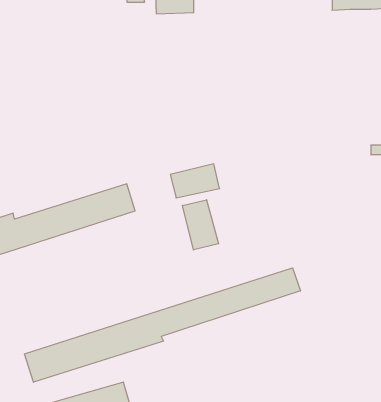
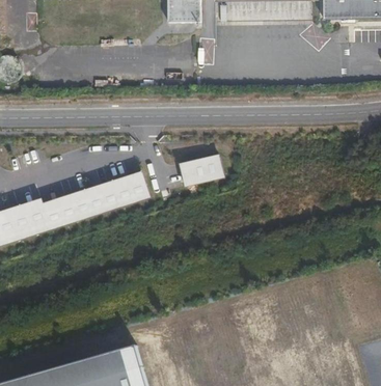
building: [183,200,219,250] -> none
building: [25,268,300,382] -> none

